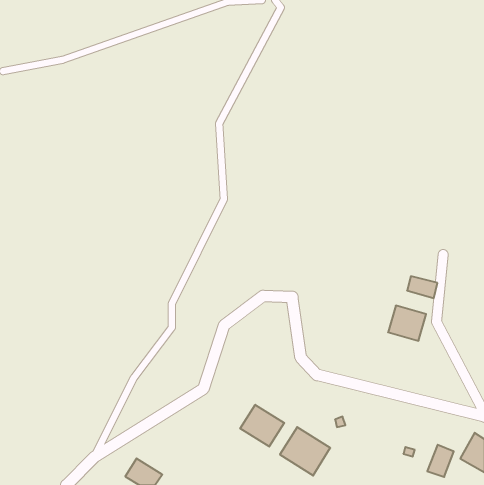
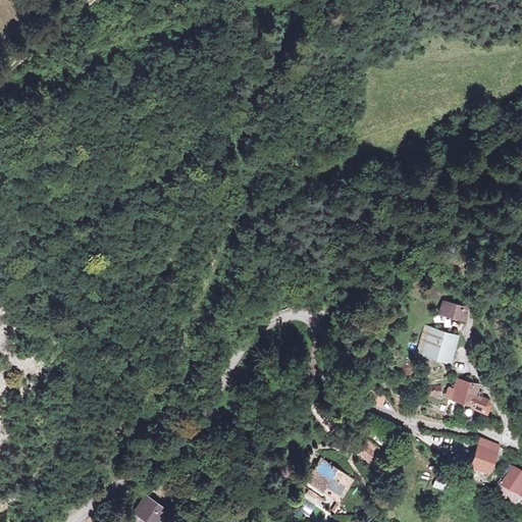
building: none -> [450,377,492,416]
building: [240,405,284,447] -> none
building: [427,445,454,477] -> [471,440,500,475]

